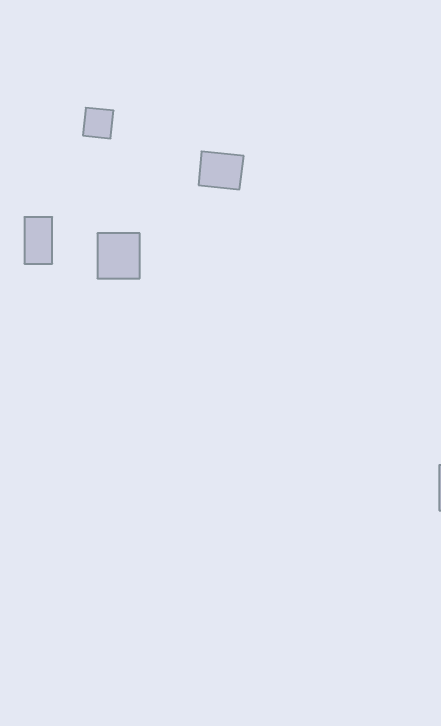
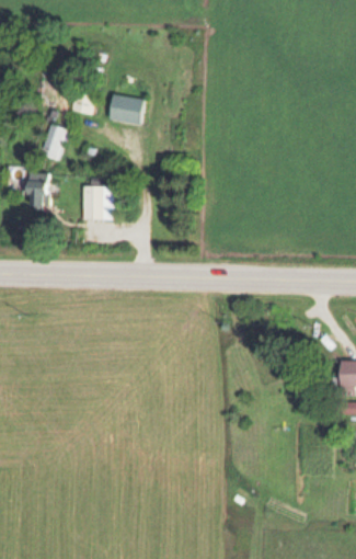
building: none -> [41,123,70,161]
building: [199,151,244,189] -> [110,94,143,123]

